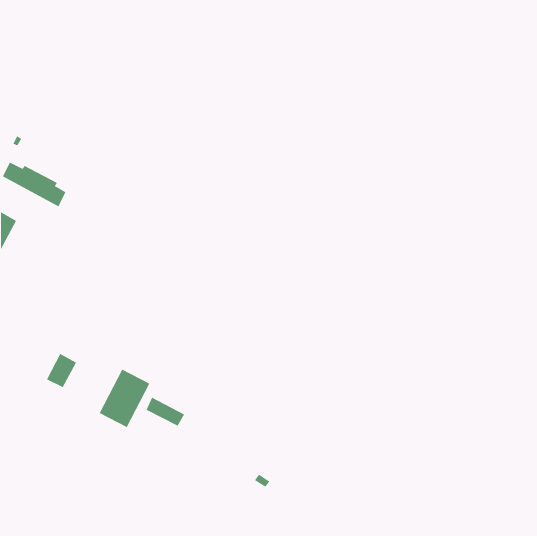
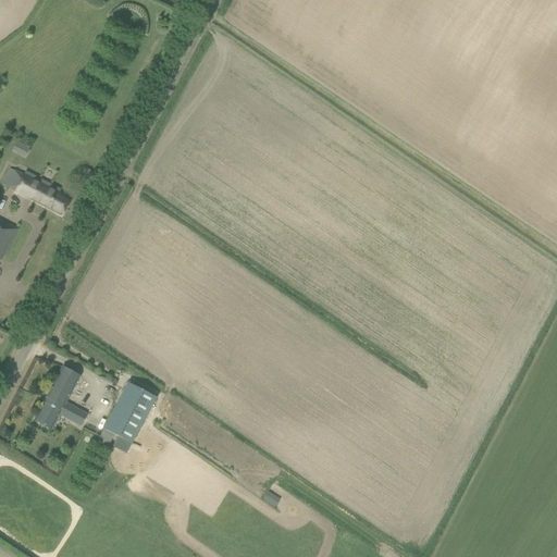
building: none -> [33,393,87,429]
building: [146,397,185,427] -> none

